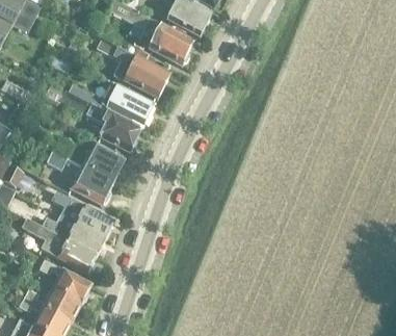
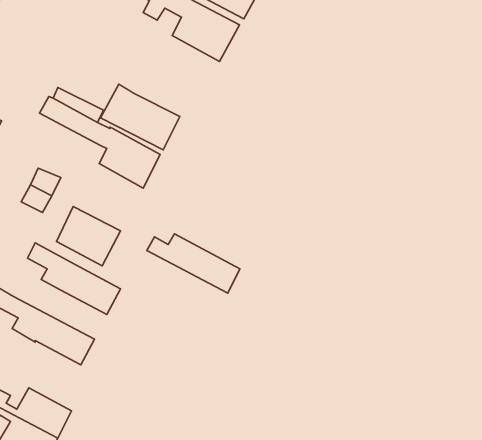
building: [96,40,168,98] -> none
building: [81,141,125,181] -> none
building: [41,214,104,255] -> [147,234,240,293]
building: [38,259,90,304] -> none

